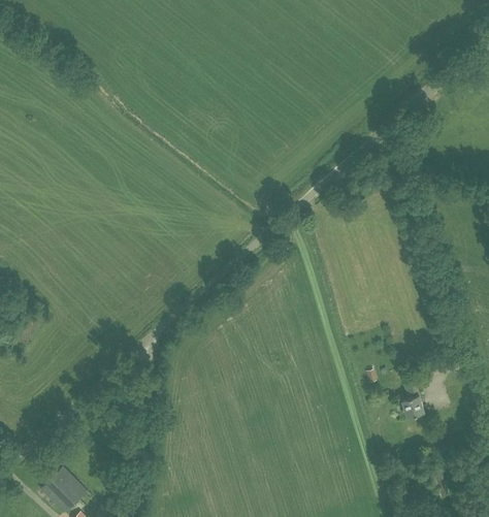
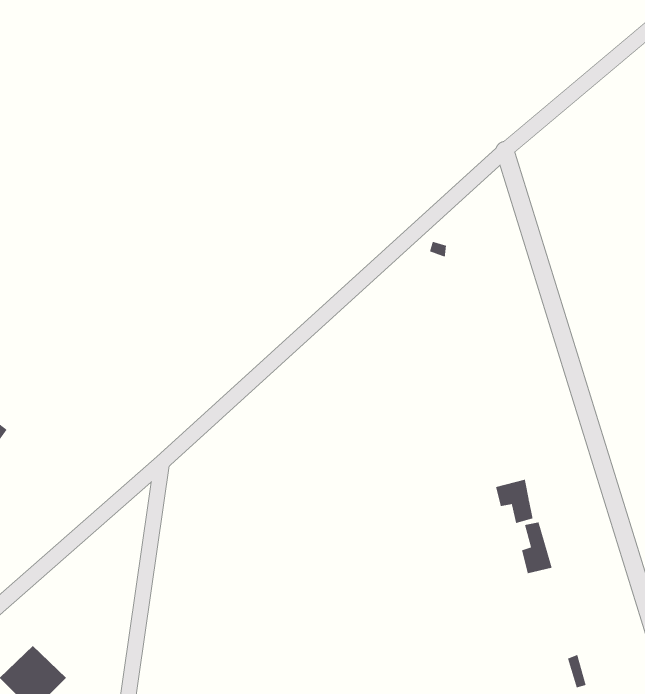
building: none -> [495,479,533,524]

